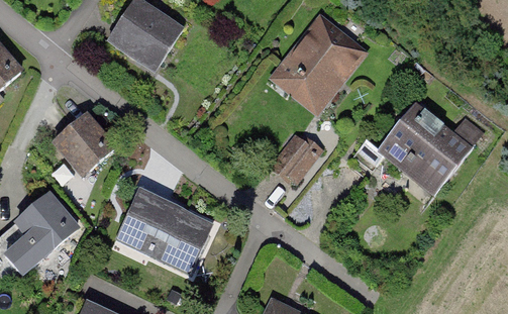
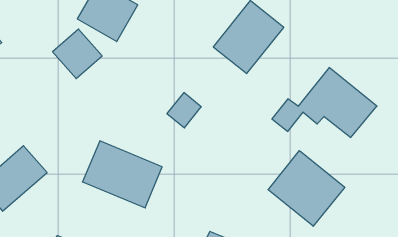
building: [53,115,112,175] -> [53,29,102,79]
building: [273,138,314,181] -> [167,93,201,128]
building: none -> [268,151,345,226]

